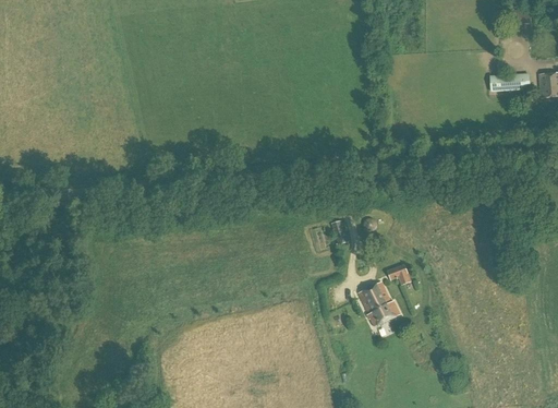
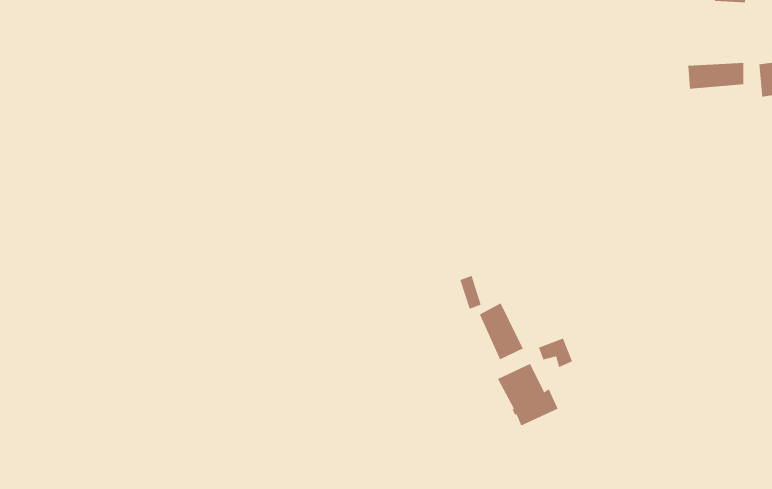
building: none -> [479,302,523,360]

